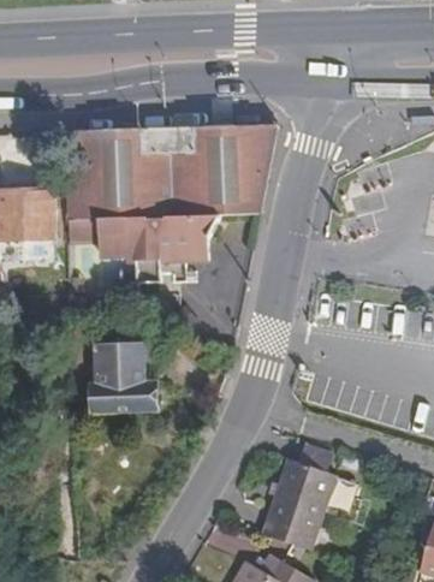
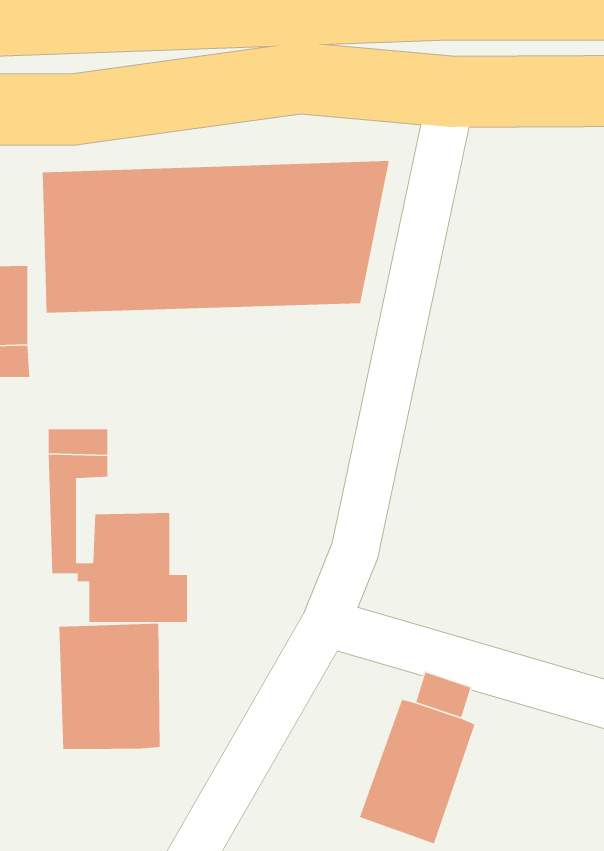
building: [66,215,221,283] -> none
building: none -> [58,623,160,750]

